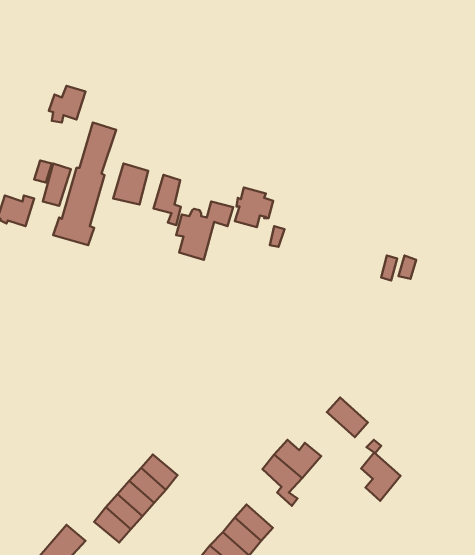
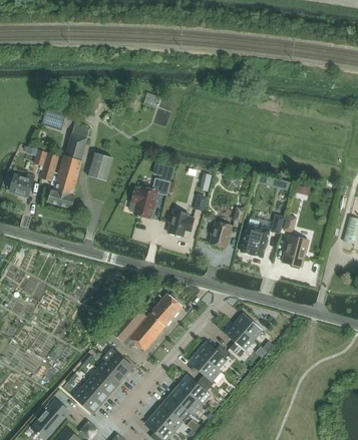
building: [154,175,181,225] -> none
building: [235,188,273,227] -> [167,208,194,236]
building: none -> [210,221,232,247]
building: none -> [241,224,270,256]
building: none -> [282,234,309,268]
building: none -> [111,292,183,349]
building: [361,453,401,501] -> [227,323,254,356]
building: none -> [180,375,211,401]

